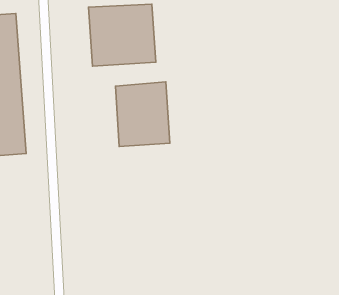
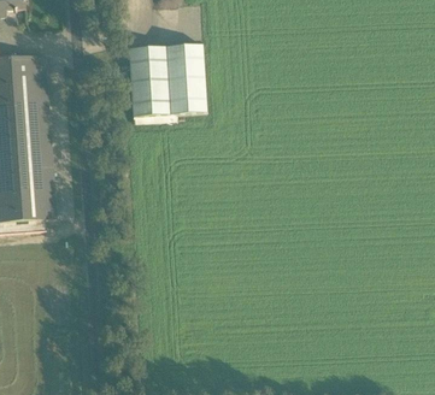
building: [115,82,170,147] -> none

